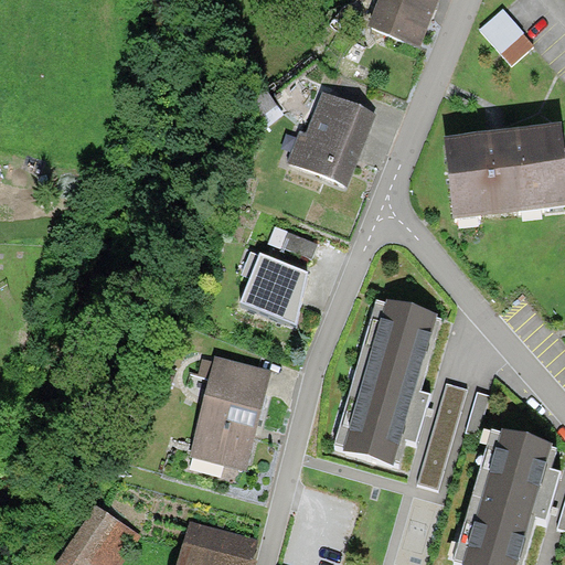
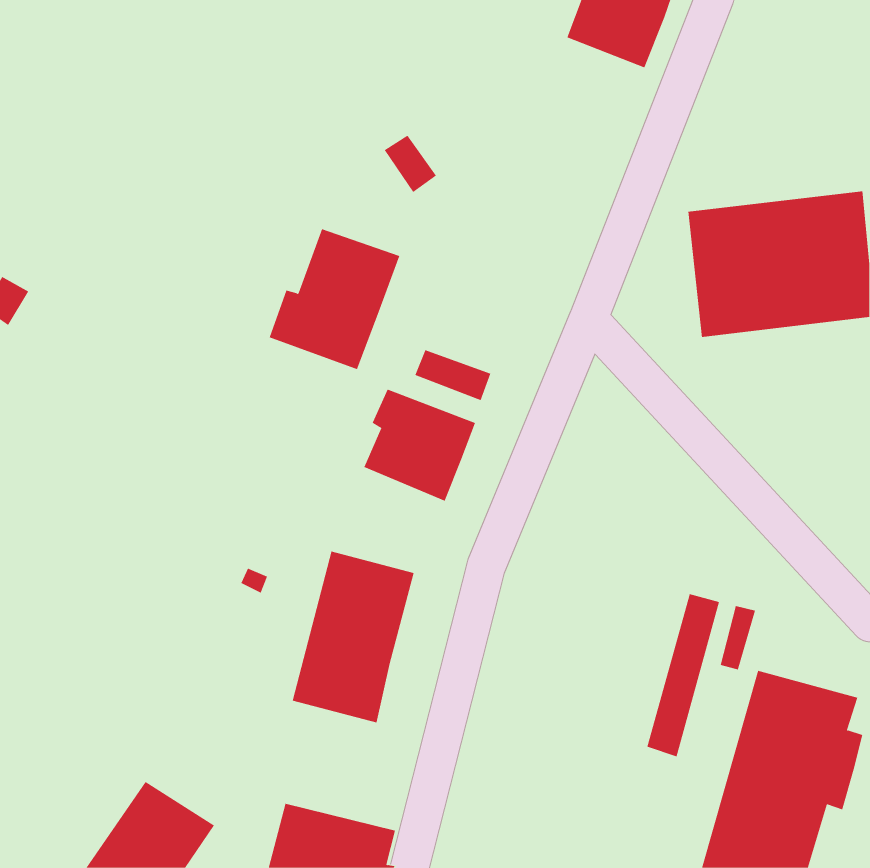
building: [478,8,531,63] -> none
building: [289,94,374,185] -> [269,228,400,370]
building: [335,302,441,469] -> none

